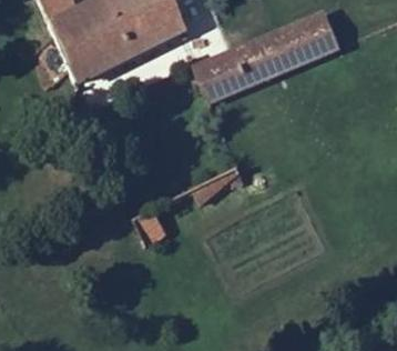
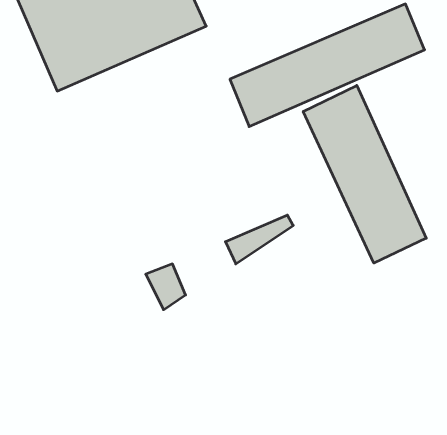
building: none -> [303,85,426,263]

